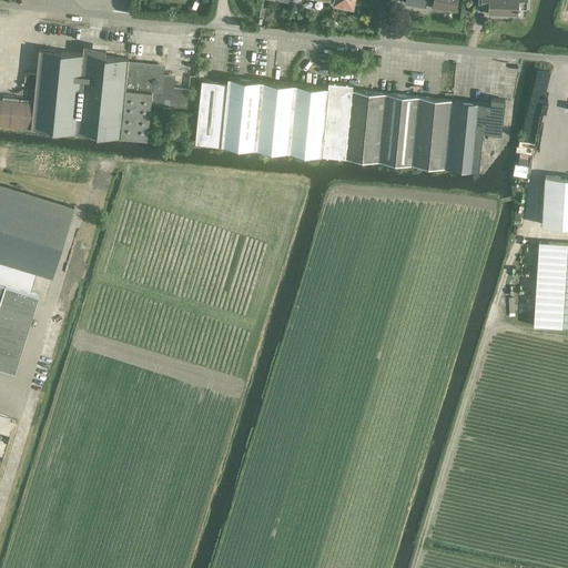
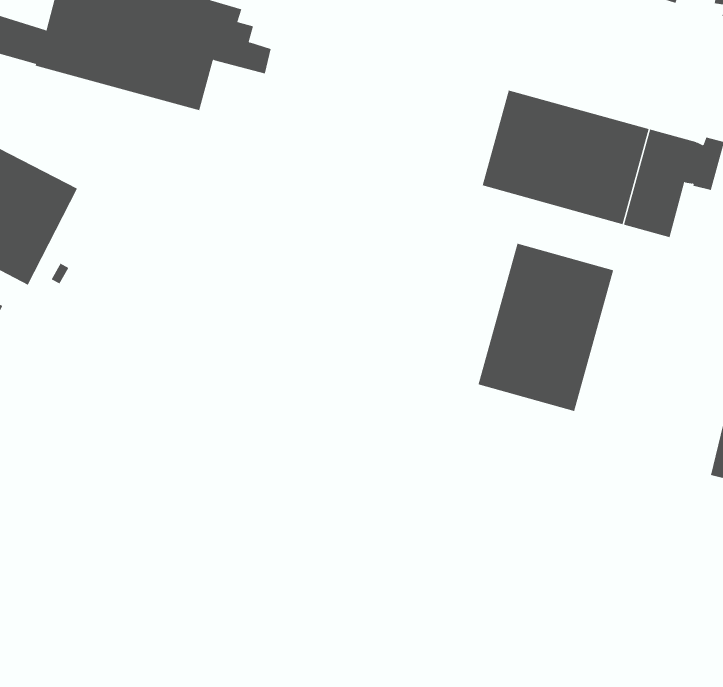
building: [195,81,353,162] -> none
building: none -> [478,243,614,412]

